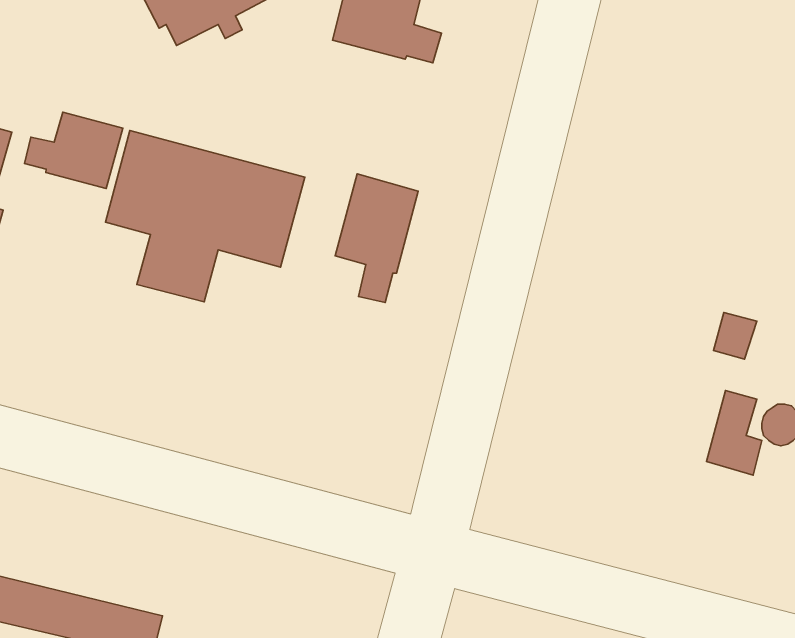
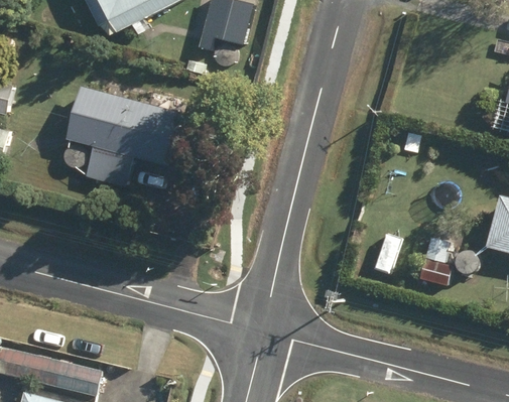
building: [25,112,123,189] -> none
building: [335,174,418,302] -> none

